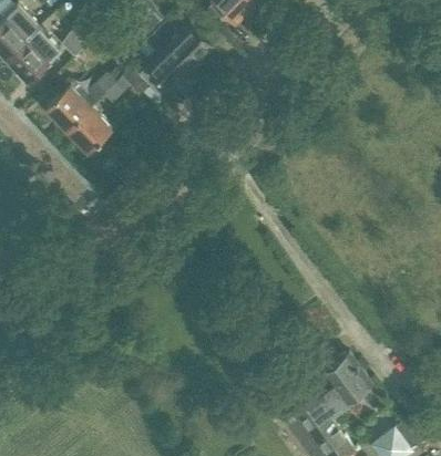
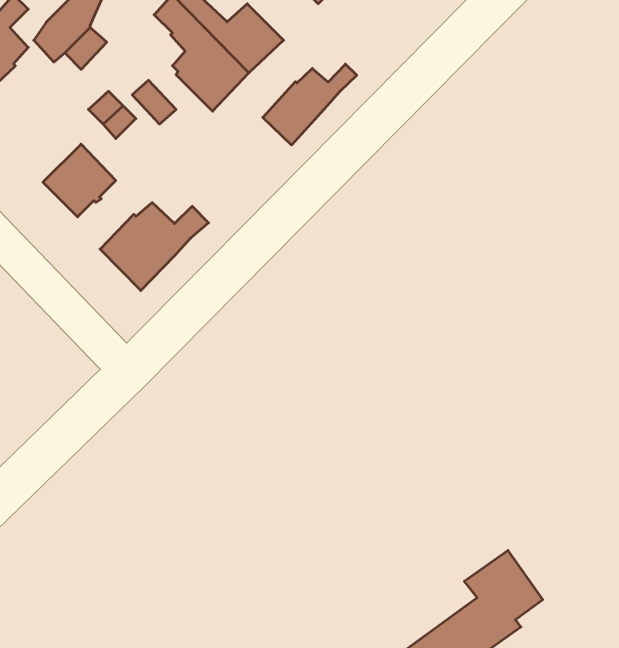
building: none -> [263,64,357,145]
building: [43,86,88,131] -> none
building: none -> [100,203,209,291]

